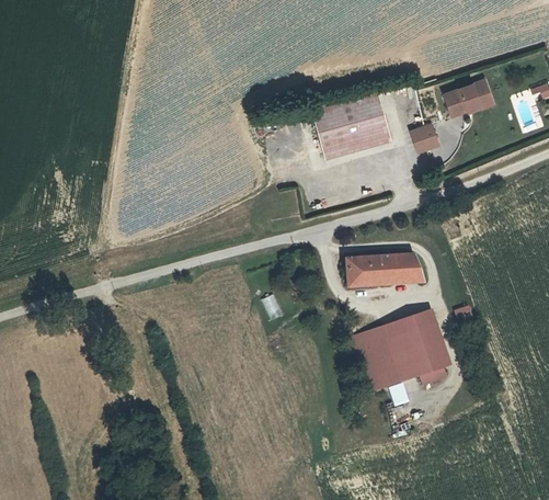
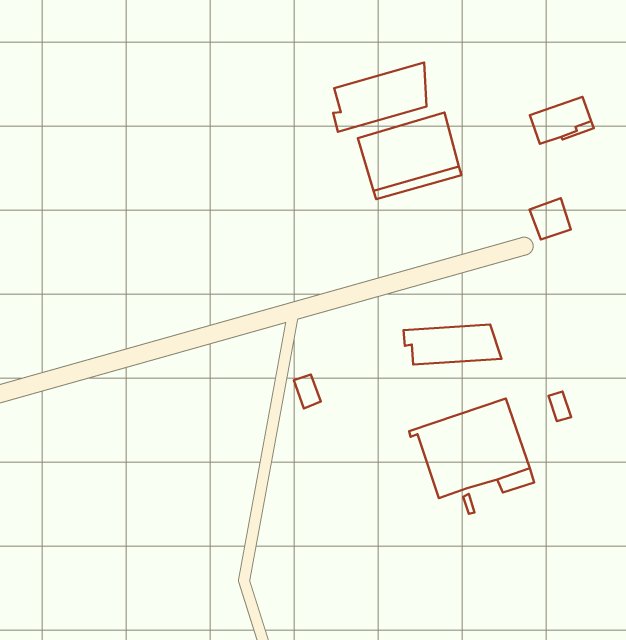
building: none -> [333,63,427,132]
building: [409,121,441,152] -> [529,198,571,239]

